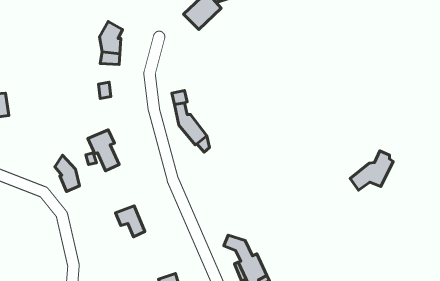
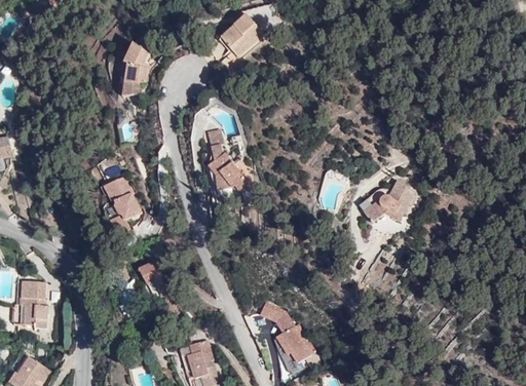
building: [350,151,393,190] -> [371,176,420,221]
building: [55,155,79,192] -> none
building: none -> [20,279,45,325]

